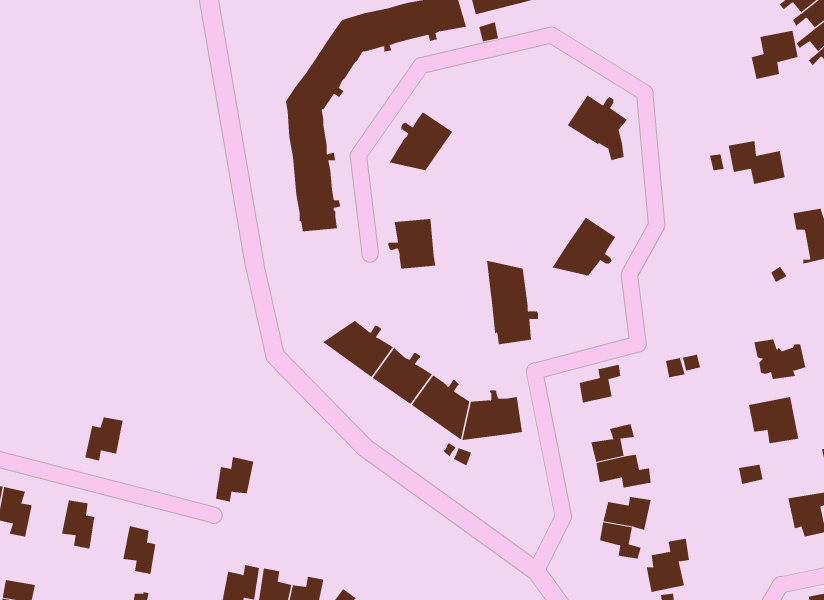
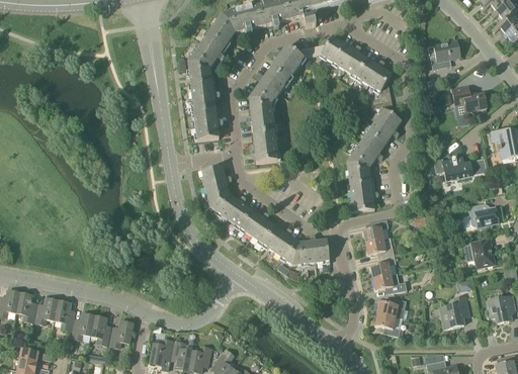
building: [751,30,798,79] -> [430,40,458,70]
building: none -> [310,35,368,77]
building: none -> [270,45,308,81]
building: none -> [246,99,275,134]
building: none -> [367,100,402,144]
building: none -> [434,156,472,180]
building: [486,260,539,345] -> [347,162,378,212]
building: none -> [201,166,232,206]
building: none -> [365,238,395,258]
building: [85,417,124,461] -> [35,298,59,324]
building: [215,456,254,502] -> [110,320,134,348]
building: none -> [72,313,95,340]
building: [646,538,690,592] -> [441,296,467,329]

